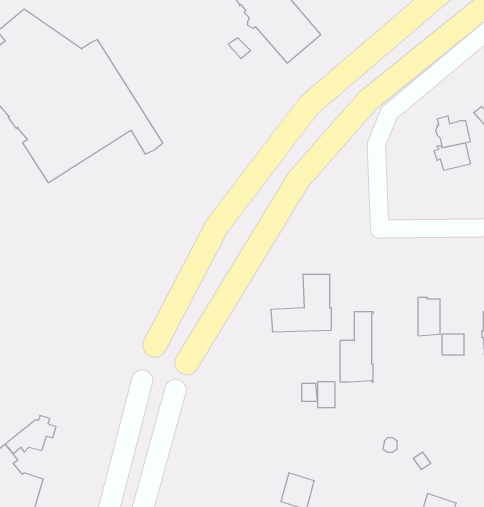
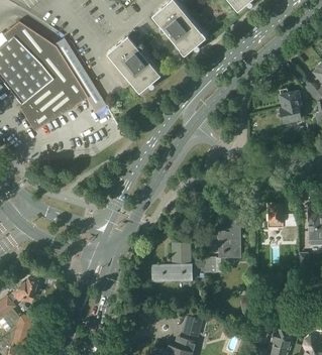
building: none -> [107,36,162,93]
building: [271,274,331,332] -> [152,244,191,280]

